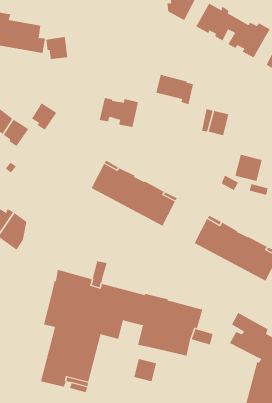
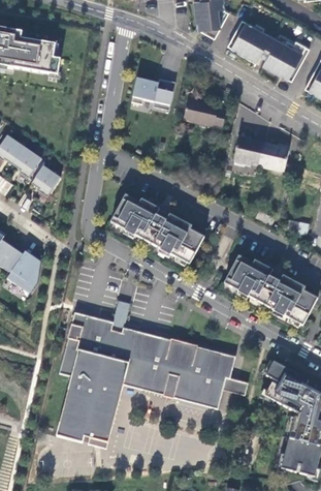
building: [46,36,68,60] -> none
building: [99,98,139,128] -> [131,74,175,108]
building: [31,103,57,131] -> [32,165,61,196]
building: [235,154,263,181] -> [257,142,288,172]
building: [134,358,157,382] -> [141,370,167,396]

